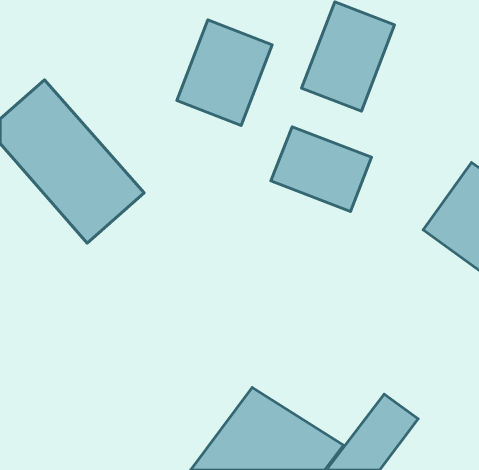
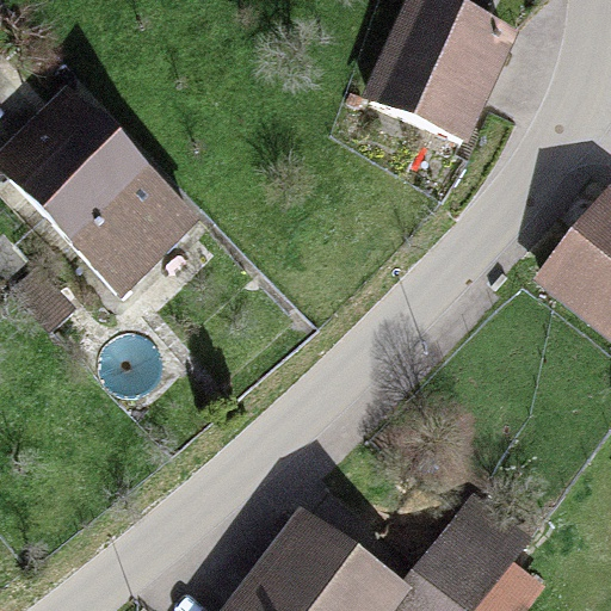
building: [177,20,272,125] -> none
building: [271,127,371,212] -> none

